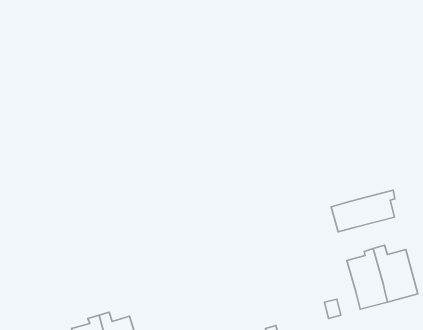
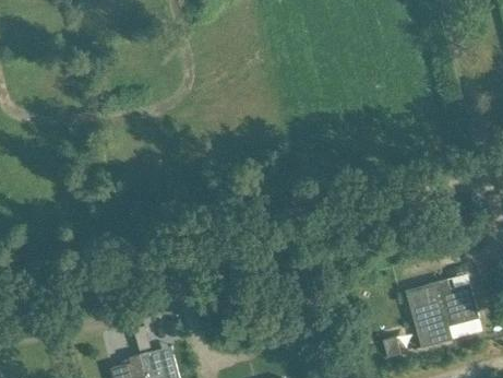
building: [331,190,395,232] -> none

